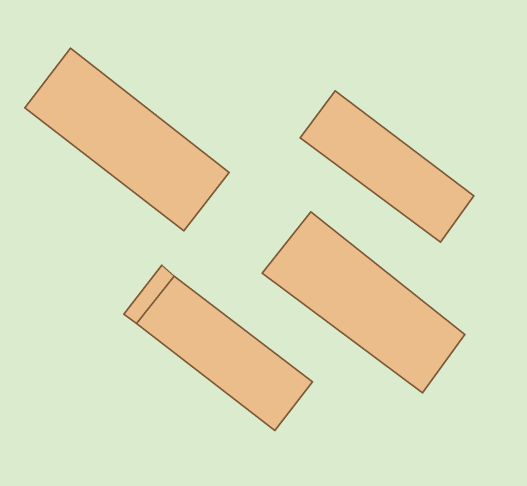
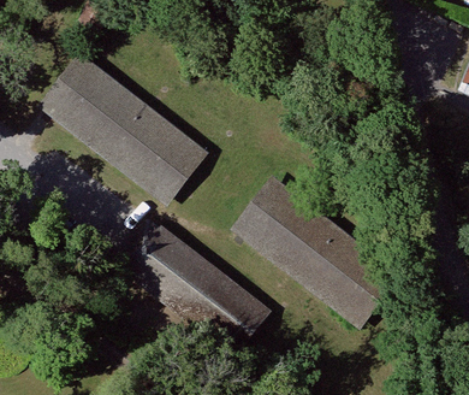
building: [300,91,474,242] -> none

